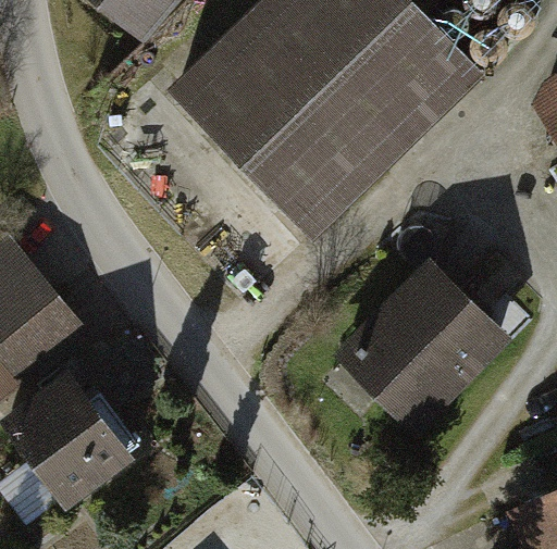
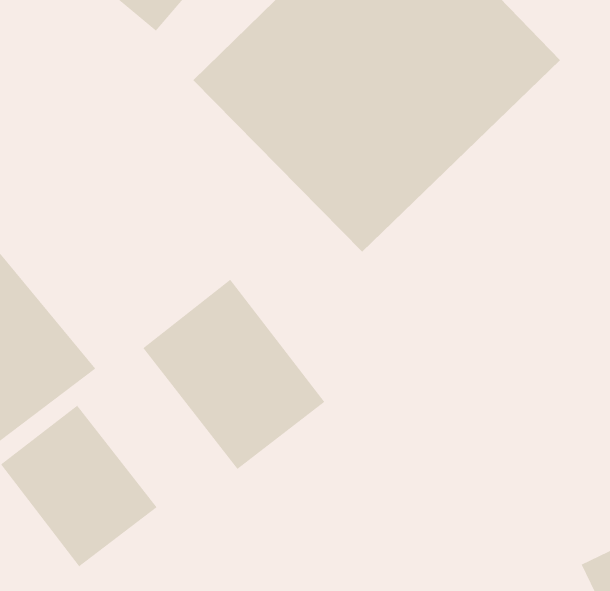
building: [329,258,505,433] -> none
building: none -> [143,279,325,470]

